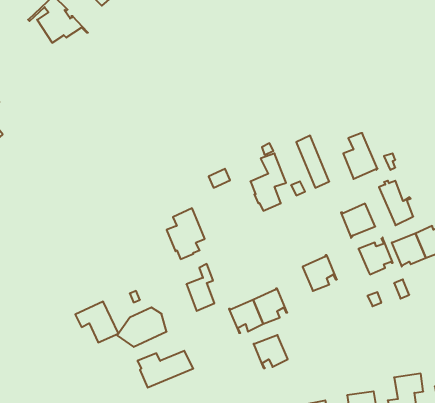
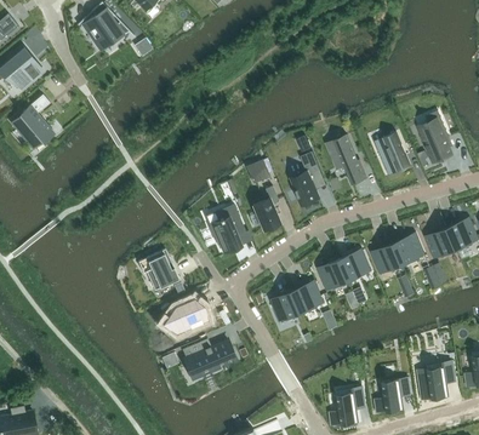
building: [379,181,413,225] -> [418,120,451,162]
building: [341,204,375,238] -> [369,242,401,275]
building: [186,264,214,311] -> [252,185,279,230]
building: [75,302,118,342] -> [137,248,178,287]
building: [253,335,288,368] -> [315,259,348,291]

